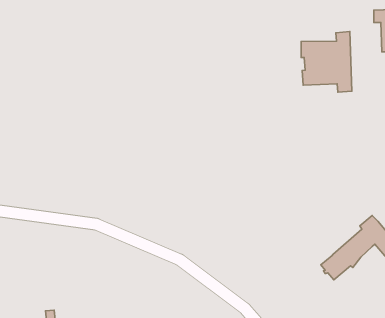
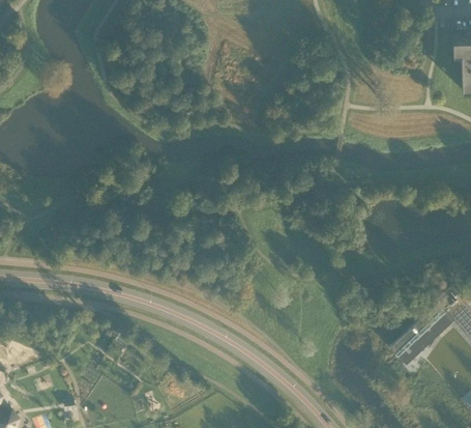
building: [301,32,352,92] -> none

